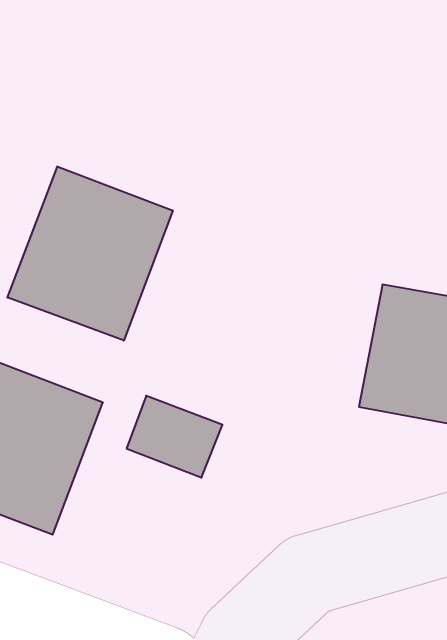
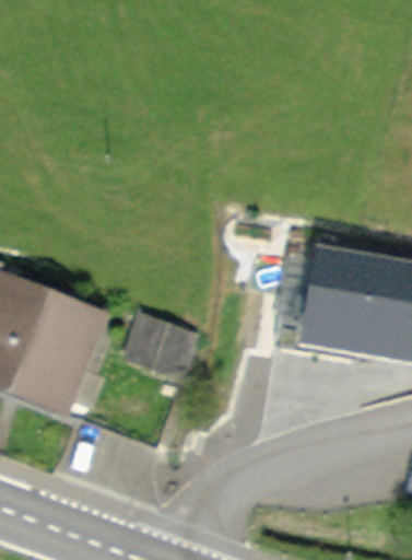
building: [7,166,173,341] -> none

